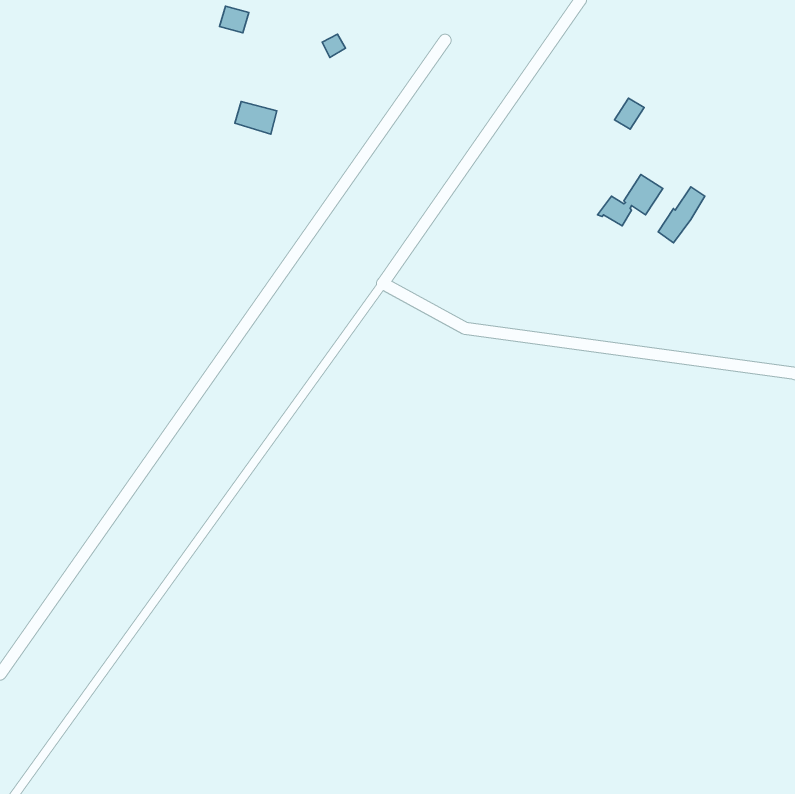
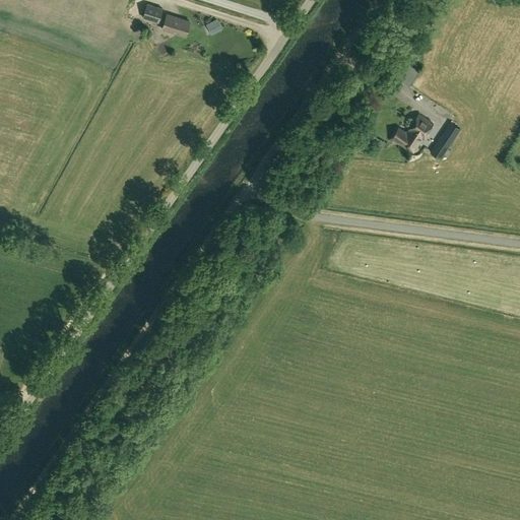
building: [235,102,277,134] -> [162,15,190,37]

